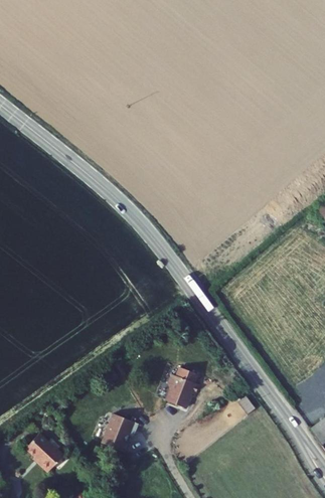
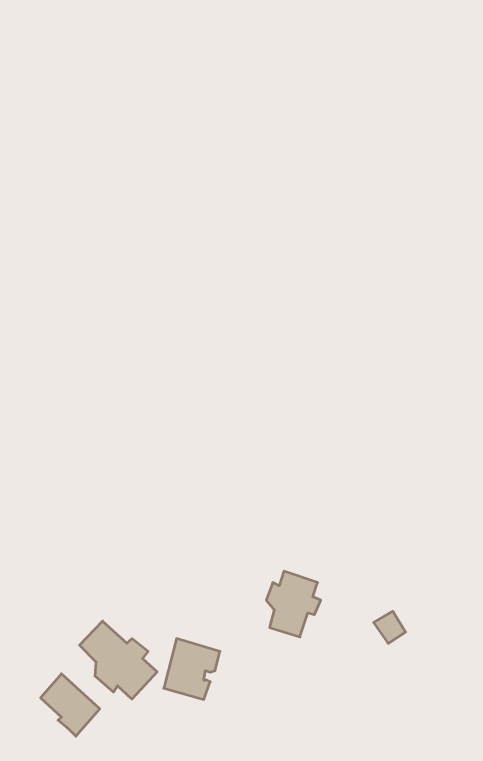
building: none -> [80,621,157,699]

